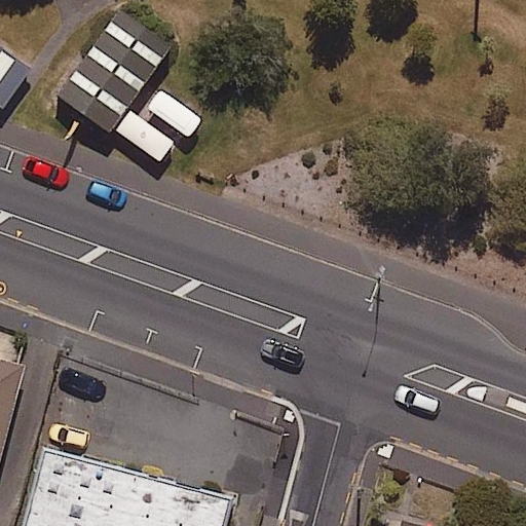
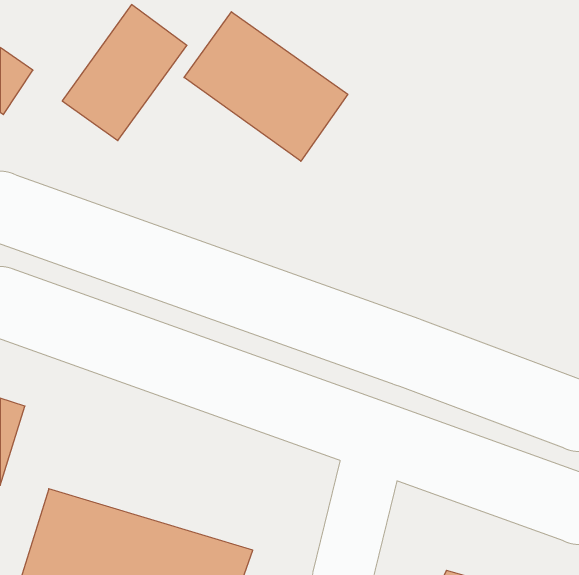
building: none -> [184,12,348,161]

